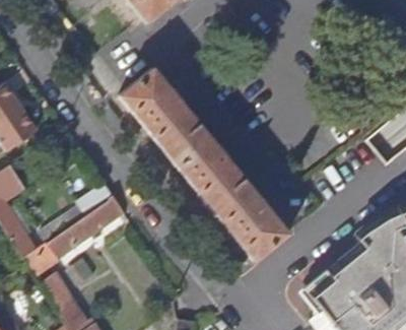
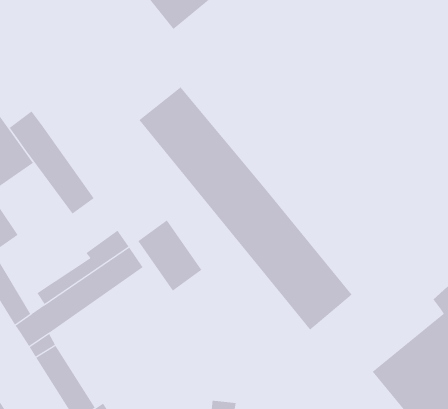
building: none -> [9,110,95,215]
building: none -> [138,220,202,292]

